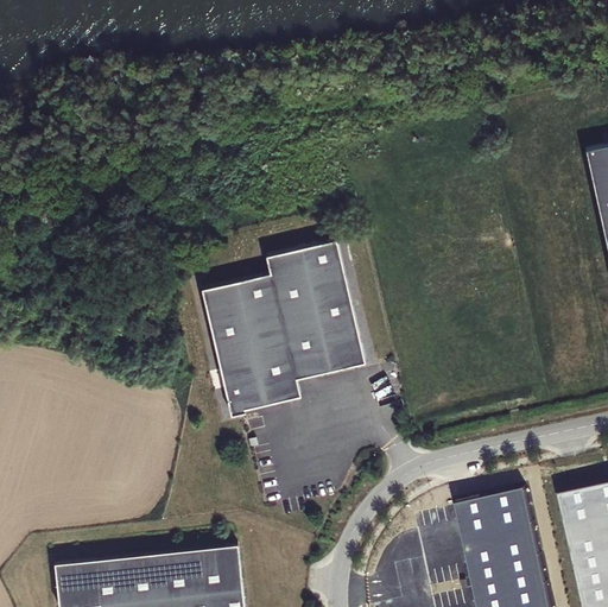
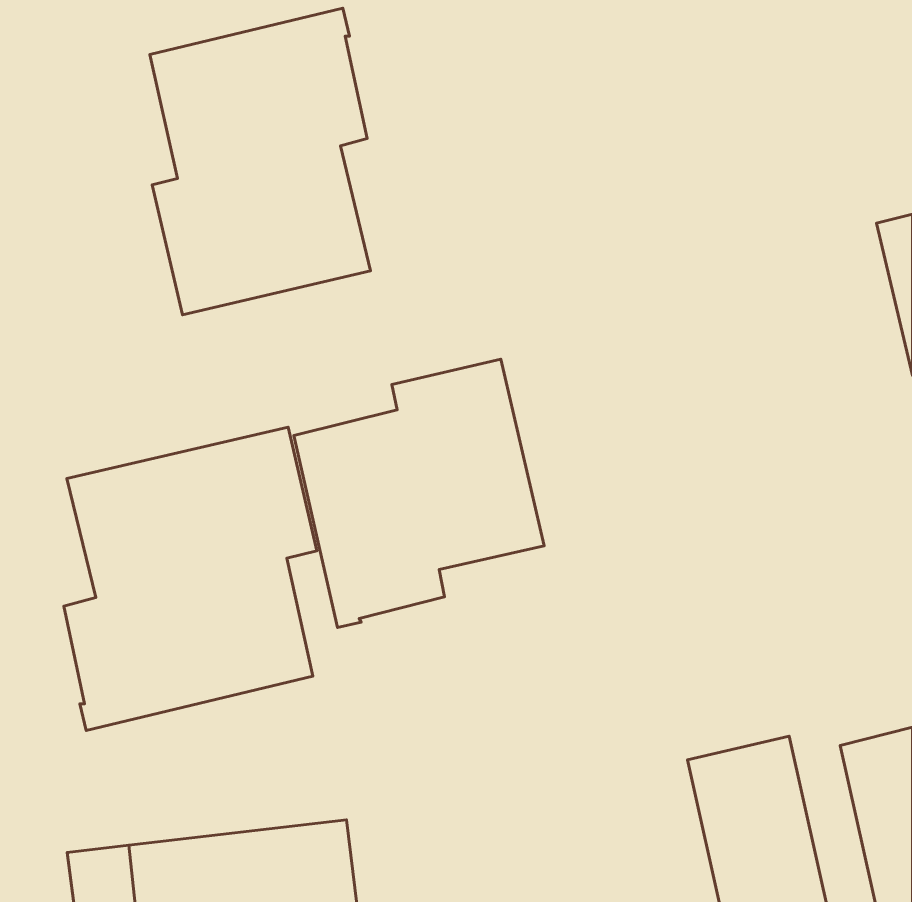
building: none -> [150,8,370,315]
building: none -> [64,427,317,731]

